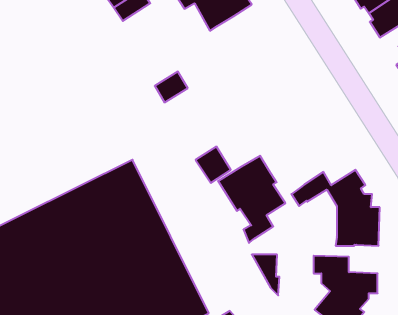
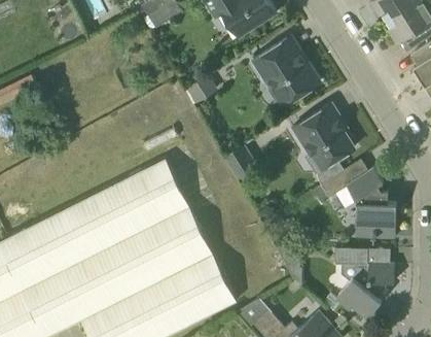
building: none -> [252,35,320,106]
building: [218,156,285,243] -> [292,103,355,184]

